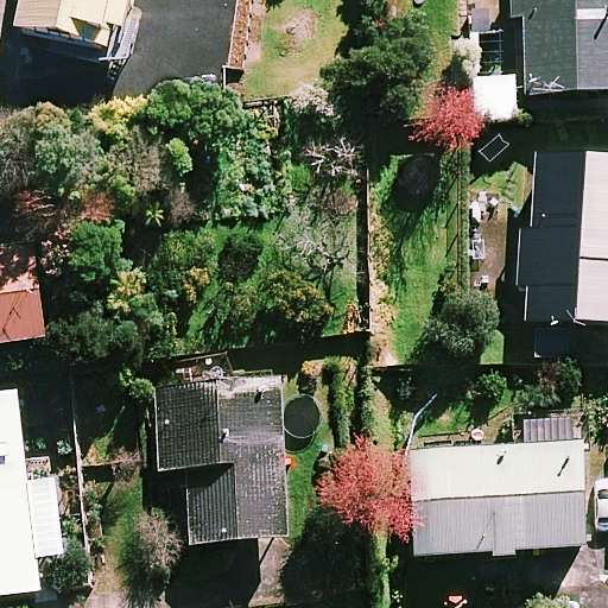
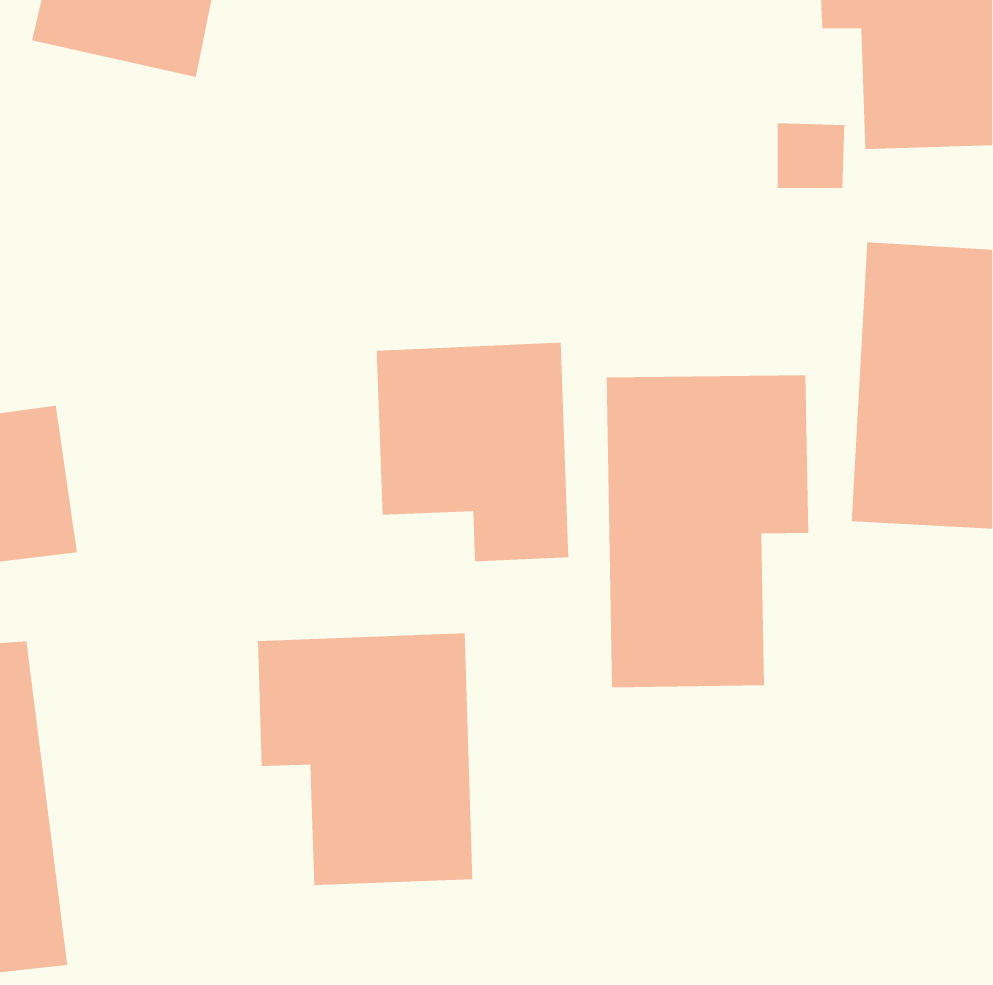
building: none -> [376,342,569,562]
building: none -> [606,374,809,688]
building: [413,413,585,551] -> none

